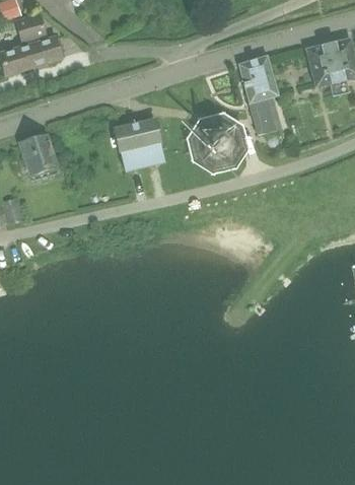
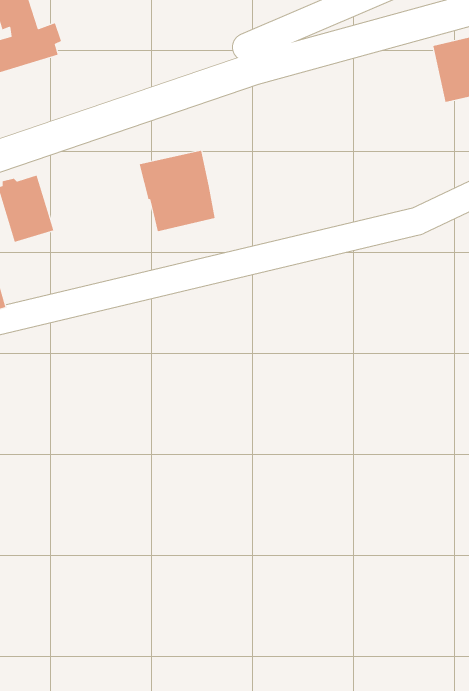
building: [239,55,279,133] -> none
building: [200,126,235,161] -> none

